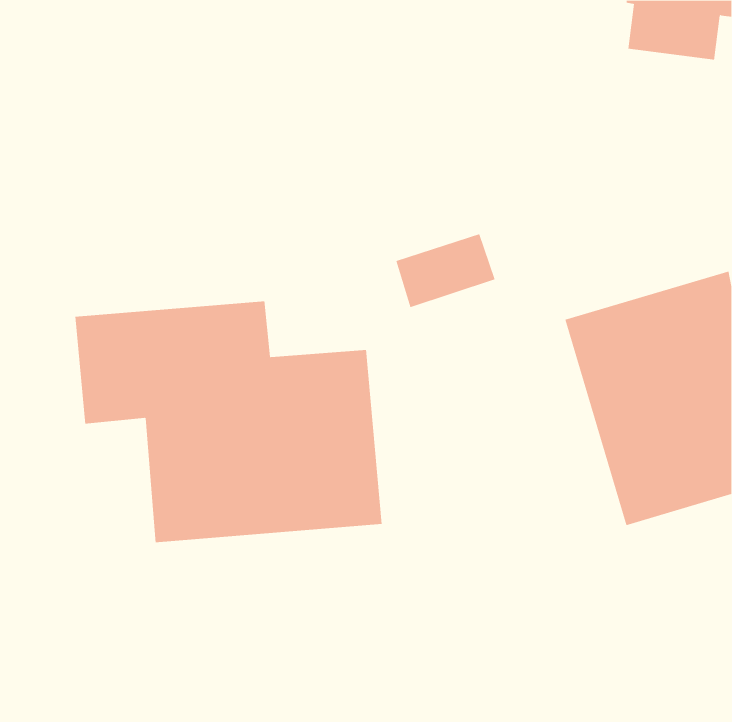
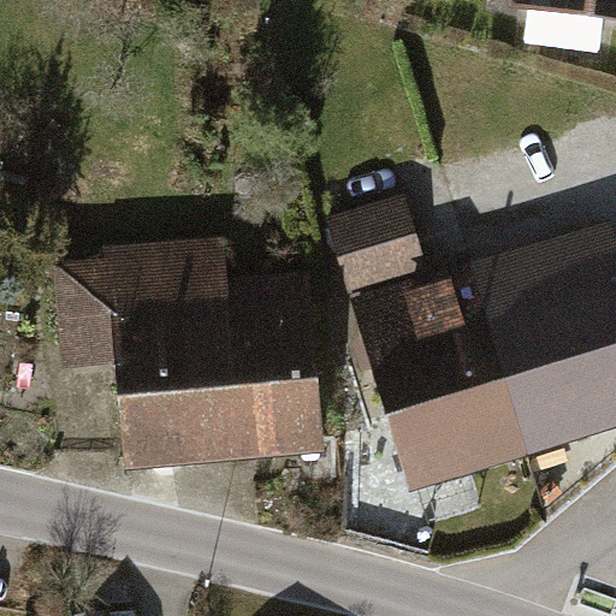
building: none -> [356,277,526,487]

